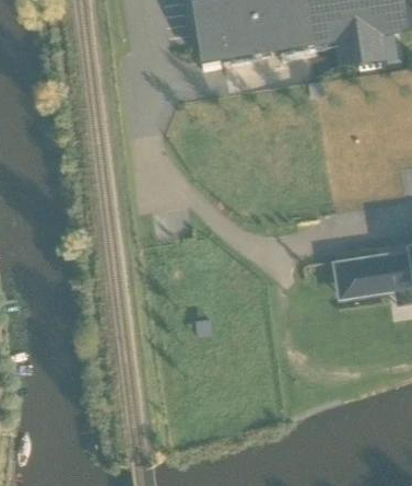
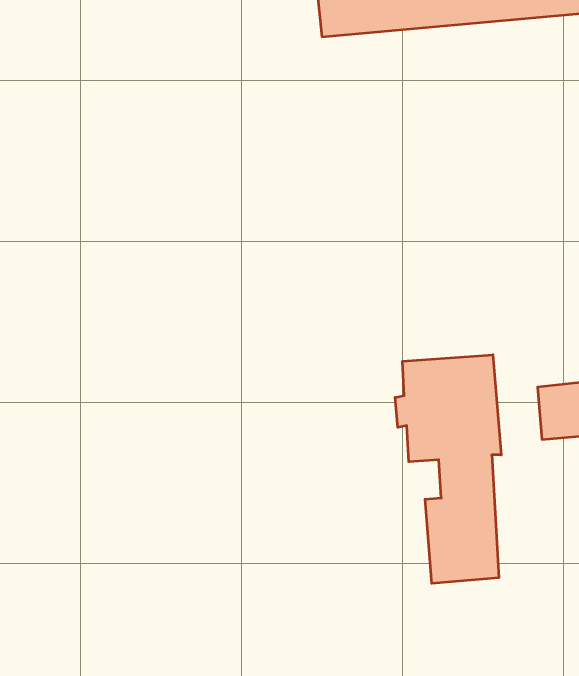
building: none -> [395,355,501,583]

